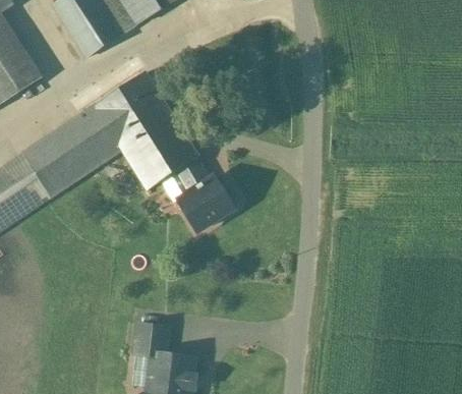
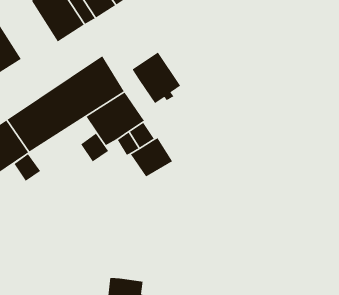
building: none -> [132,52,181,104]
building: none -> [80,132,109,162]
building: none -> [13,153,41,182]
building: [135,326,168,355] -> none

